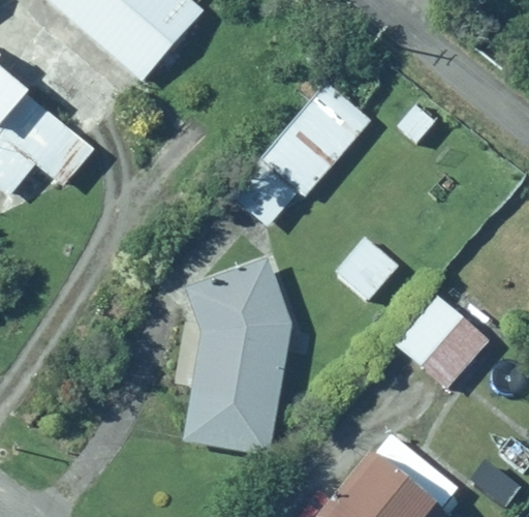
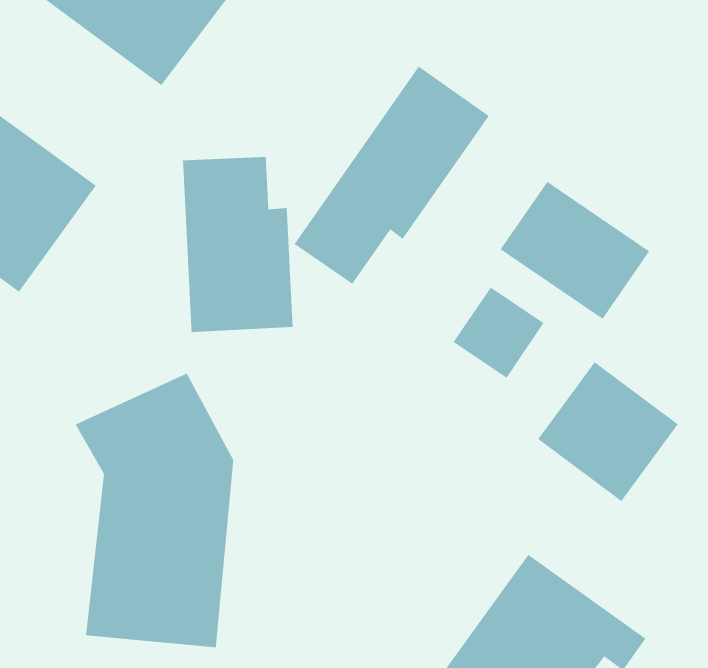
building: none -> [182,156,293,333]
building: none -> [500,181,650,320]
building: [181,257,292,451] -> [75,372,234,648]

